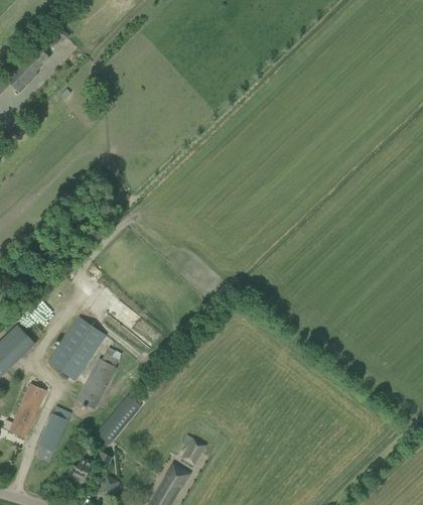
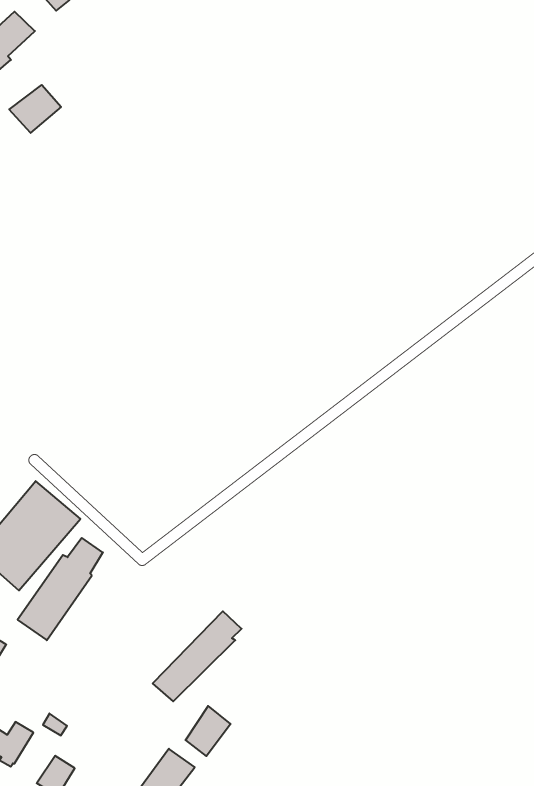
building: none -> [9,85,61,133]
building: [96,389,144,445] -> [153,611,242,701]

